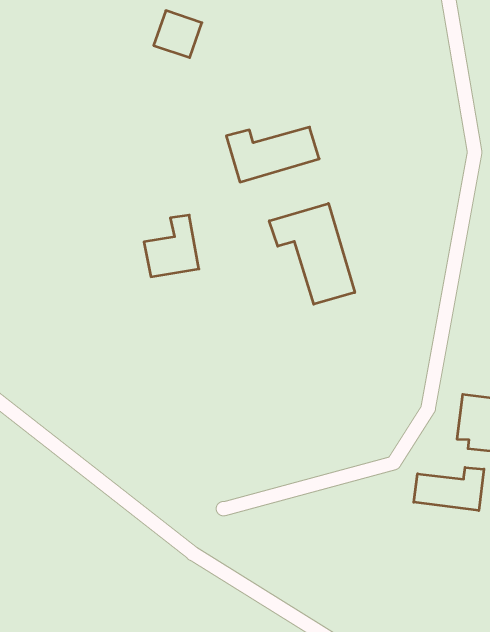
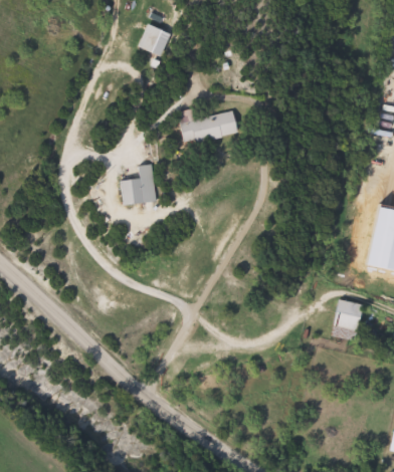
building: [269,203,355,304] -> none
building: [414,467,484,511] -> none

